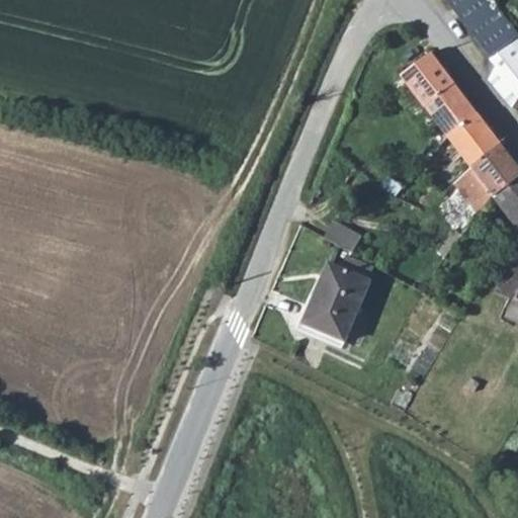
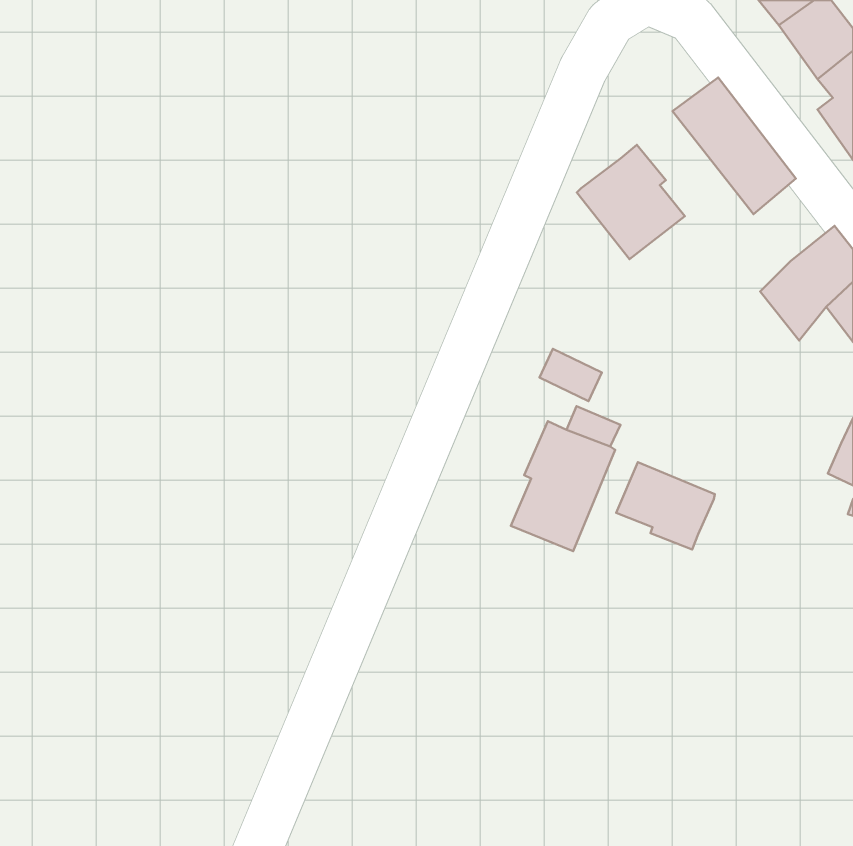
building: none -> [577,145,685,259]
building: [452,116,501,166] -> none
building: none -> [616,462,715,550]

